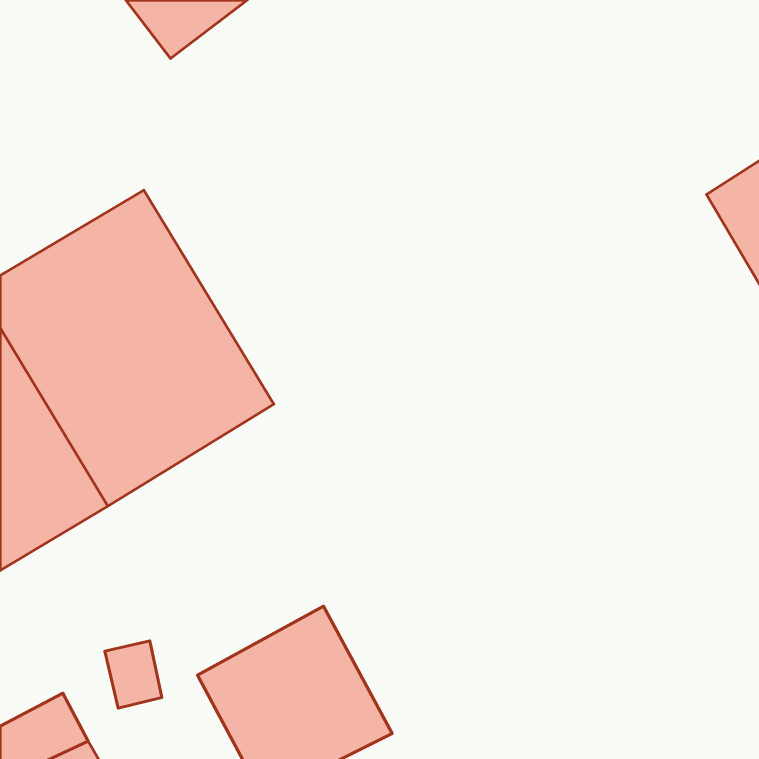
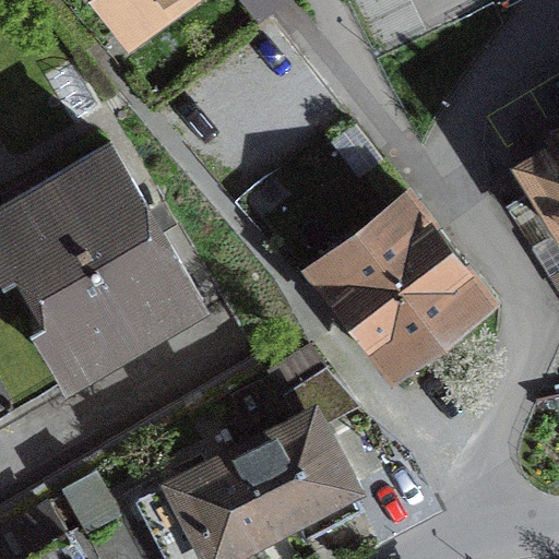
building: none -> [305,193,497,388]
building: none -> [240,409,359,539]

